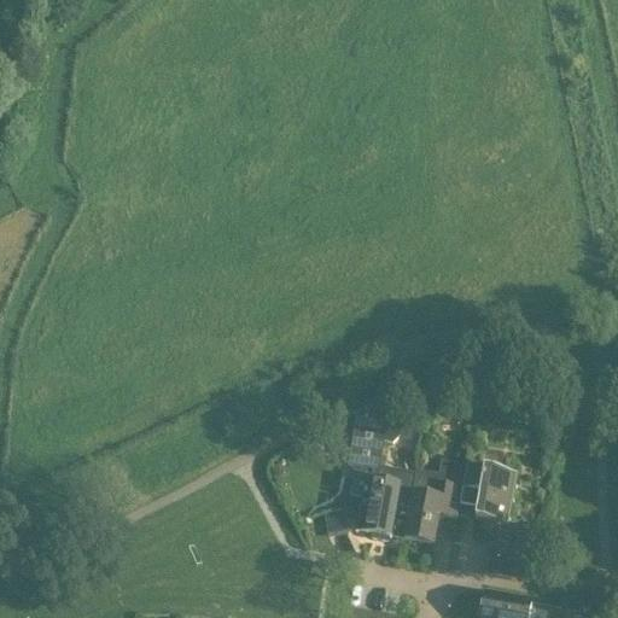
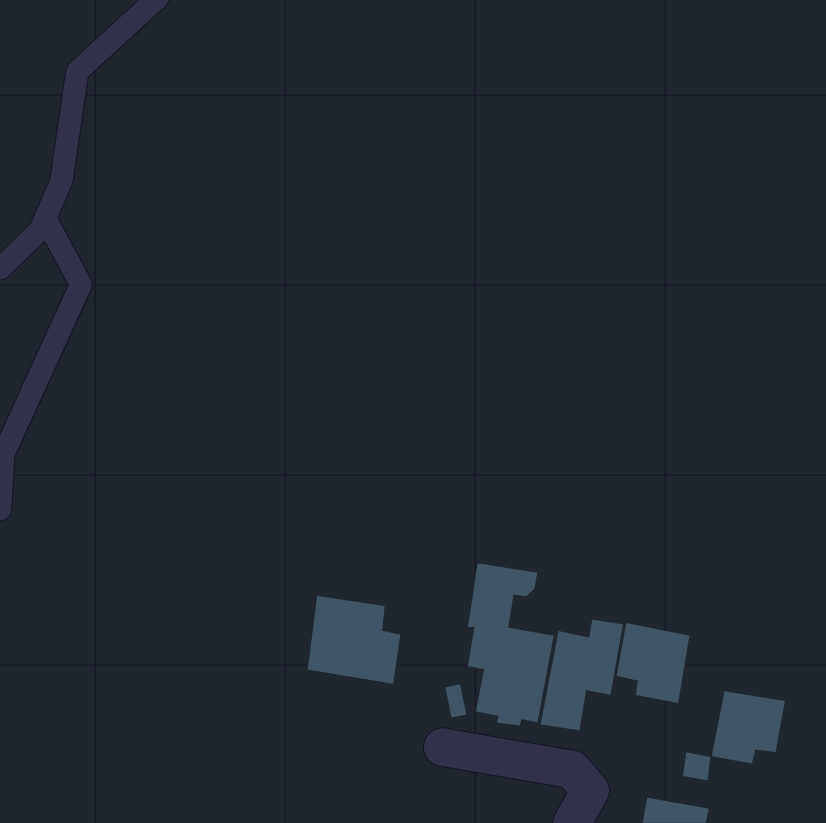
building: none -> [307,595,401,684]
building: none -> [711,691,785,764]

